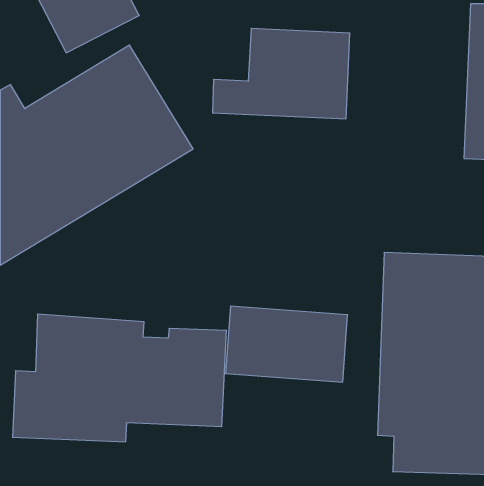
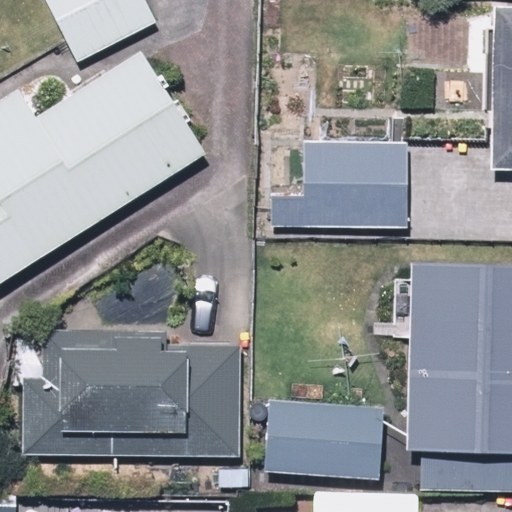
building: [213,28,350,119] -> [269,138,412,232]
building: [226,306,348,382] -> [256,400,383,479]

